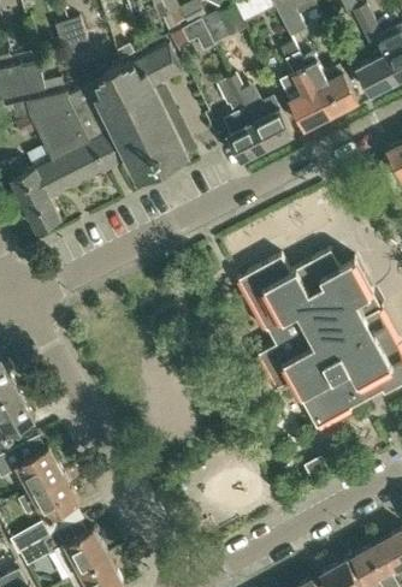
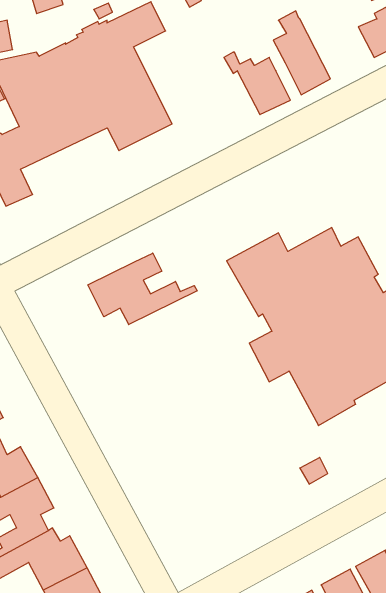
building: [301,53,357,114] -> none
building: [219,75,266,160] -> none
building: none -> [88,253,197,325]

